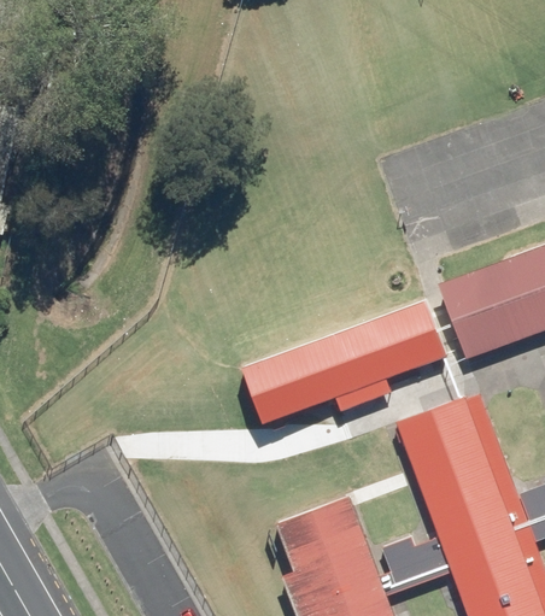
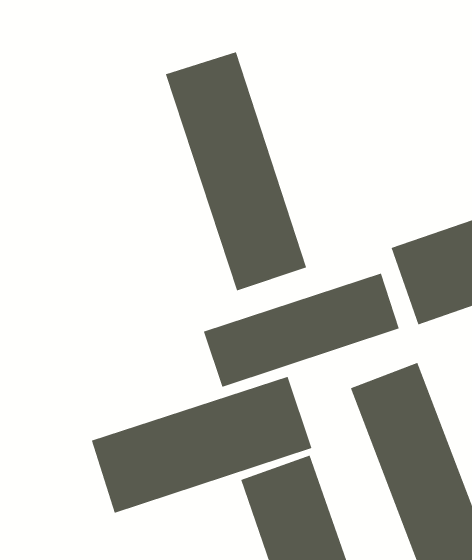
building: none -> [165,51,307,292]
building: none -> [91,376,313,514]

